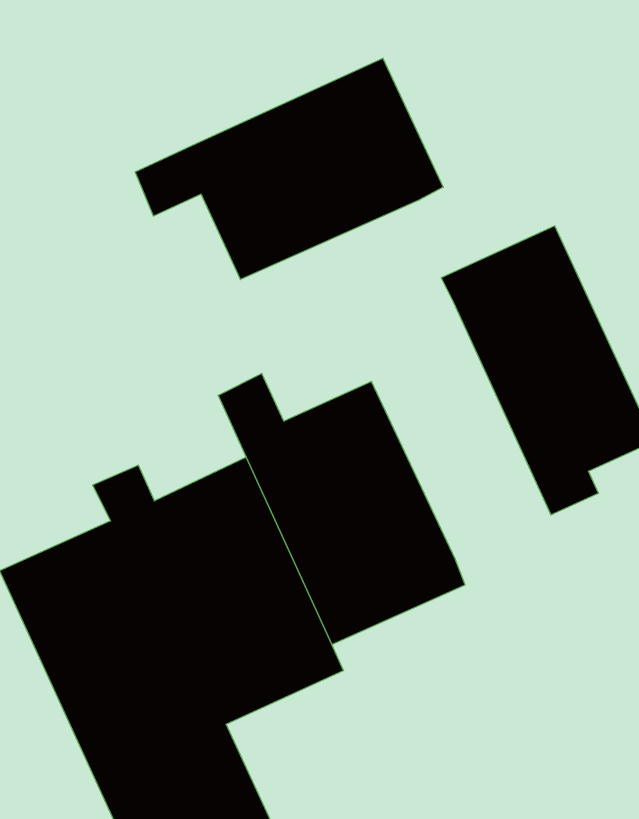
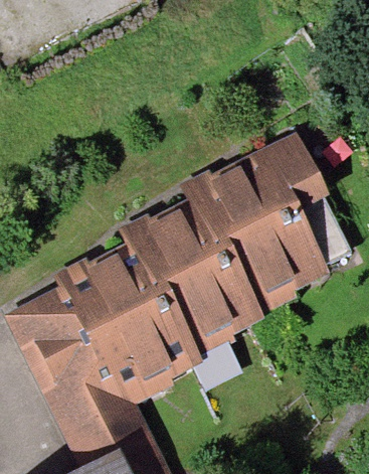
building: [135,58,443,280] -> none
building: none -> [181,176,288,313]

